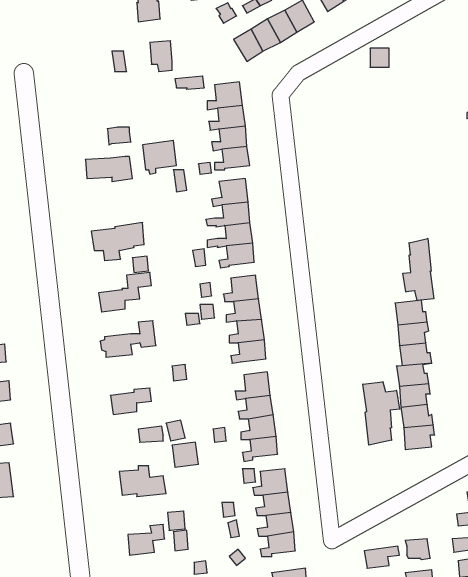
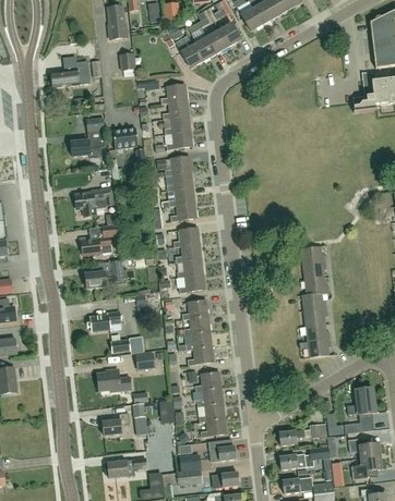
building: none -> [50,61,89,87]
building: [403,238,434,301] -> none
building: [363,382,400,445] -> none

